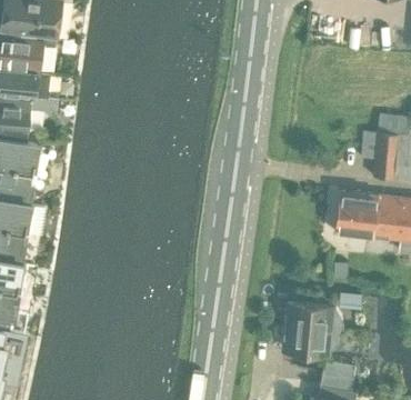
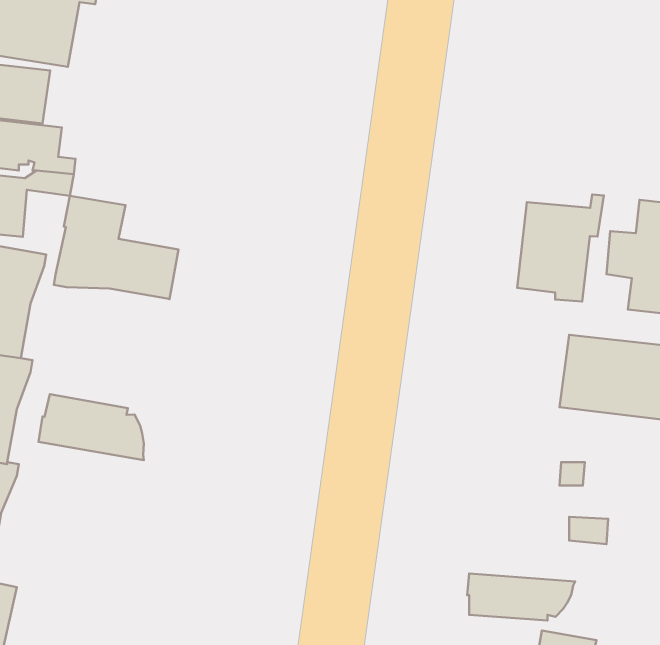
building: none -> [517,194,604,301]
building: none -> [54,196,178,299]
building: none -> [38,394,144,460]
building: [282,302,342,331] -> none

